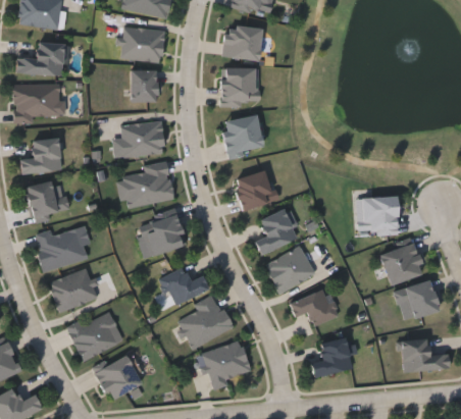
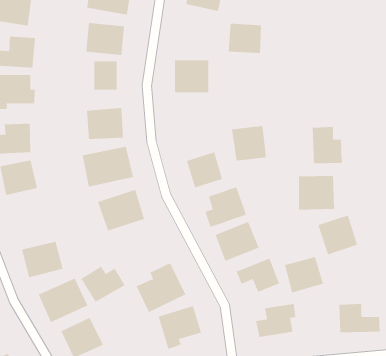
building: [223,25,261,59] -> [228,23,262,54]
building: [222,115,262,155] -> [231,125,267,161]
building: none -> [312,126,342,164]
building: [36,225,88,270] -> none
building: [159,266,209,307] -> [80,266,125,303]
building: [396,280,440,321] -> [284,256,324,293]

